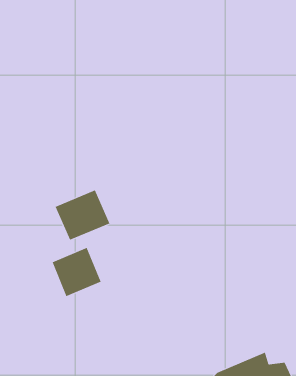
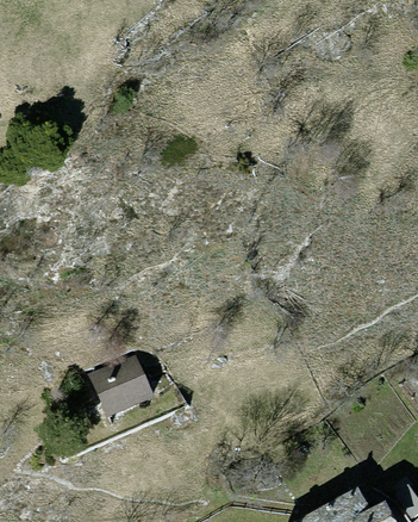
building: [55,189,110,241] -> none

